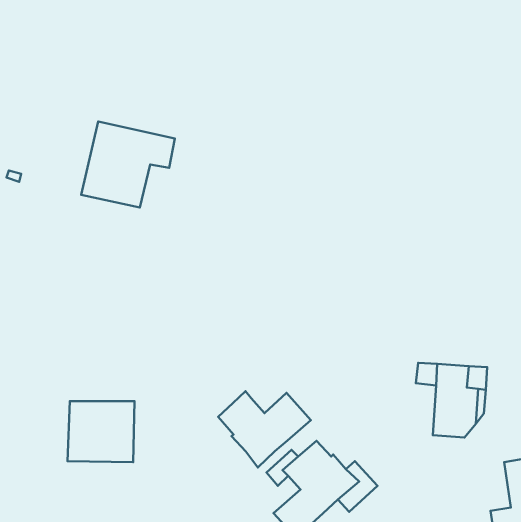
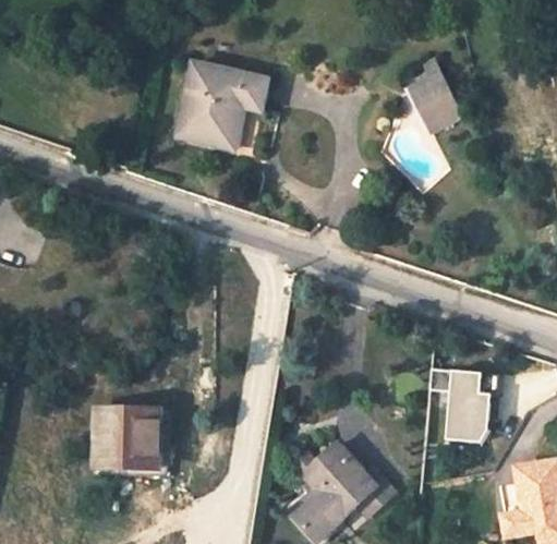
building: none -> [407,61,460,131]
building: [81,121,175,207] -> [175,64,266,147]
building: [218,391,311,468] -> none

